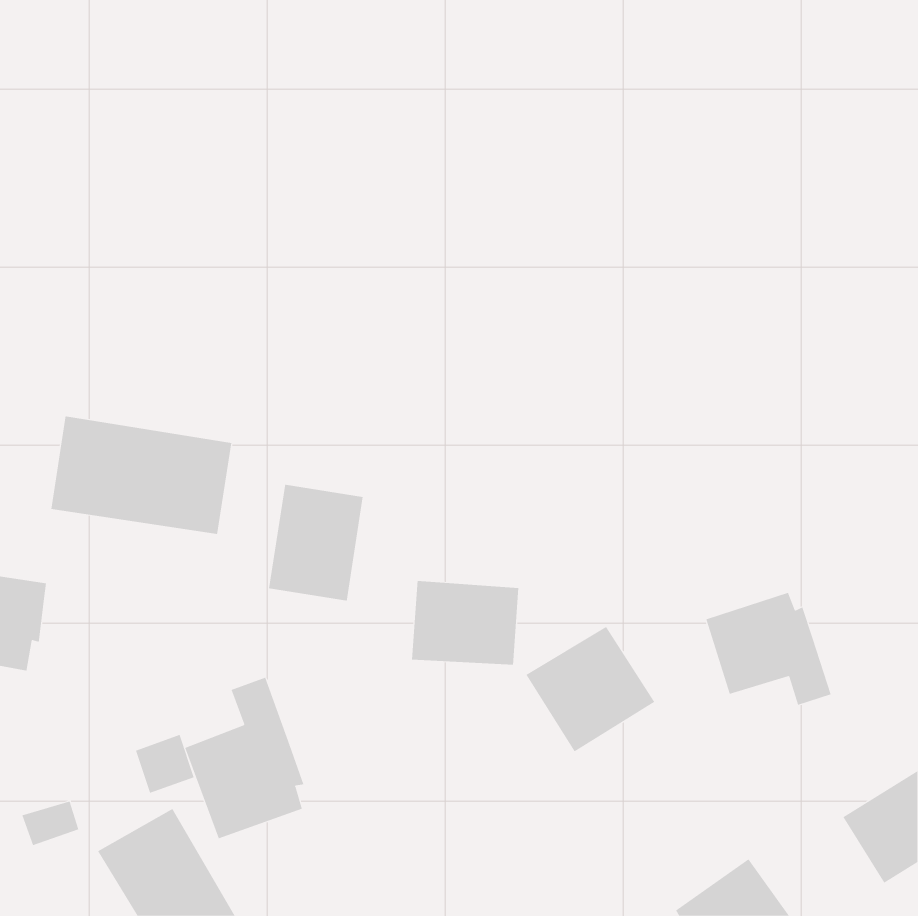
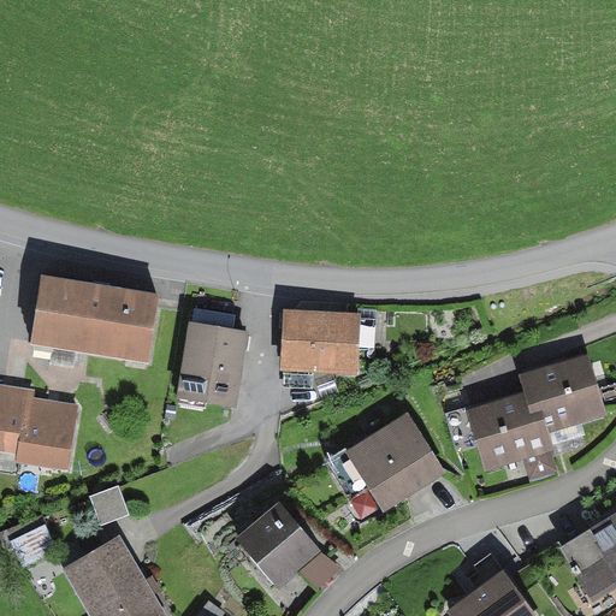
building: none -> [521,357,600,427]
building: [411,581,519,665] -> [284,312,356,368]
building: none -> [17,398,75,466]
building: [184,677,304,839] -> none
building: none -> [241,508,313,581]

